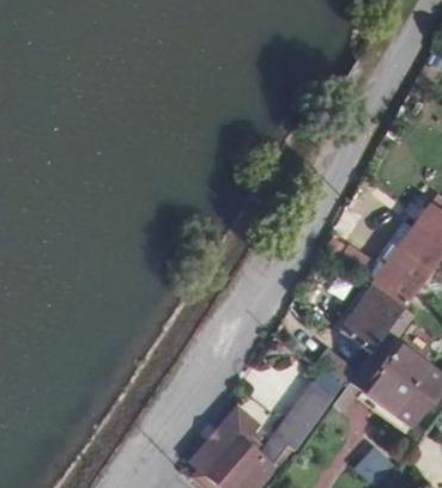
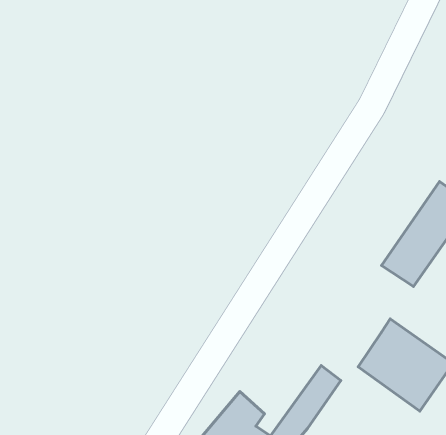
building: [344,285,404,349] -> none

